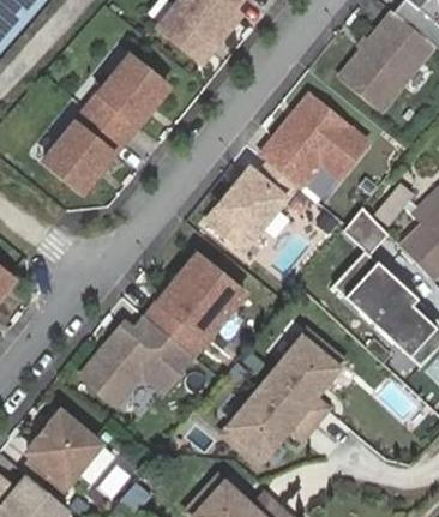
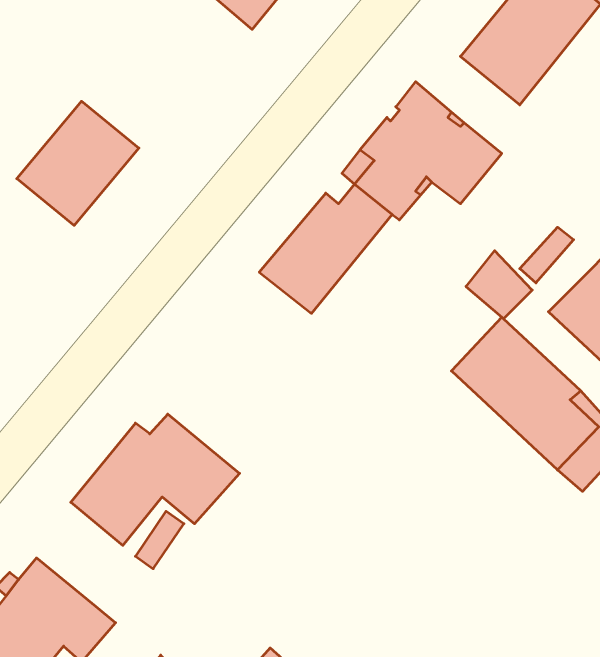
building: [86,55,167,138] -> none
building: [144,253,242,355] -> none
building: [222,329,344,462] -> none

